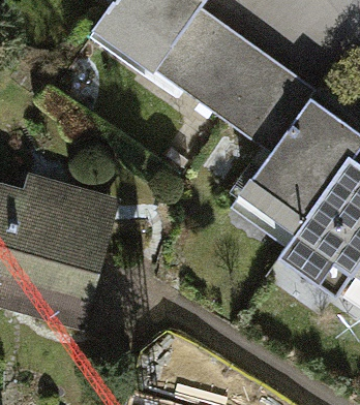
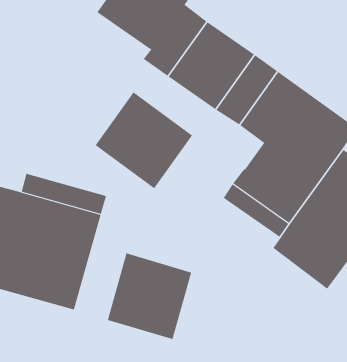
building: none -> [95,92,193,189]
building: none -> [107,253,192,340]

